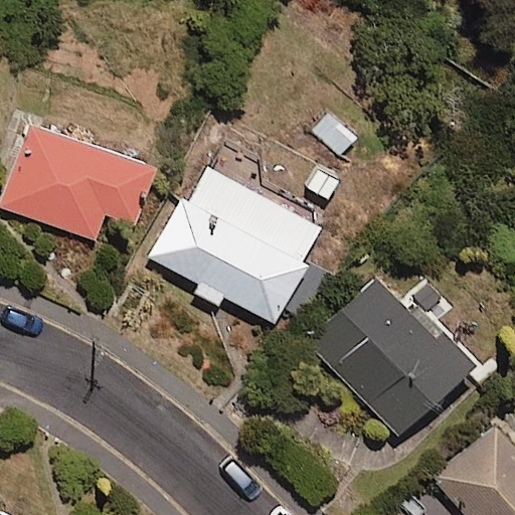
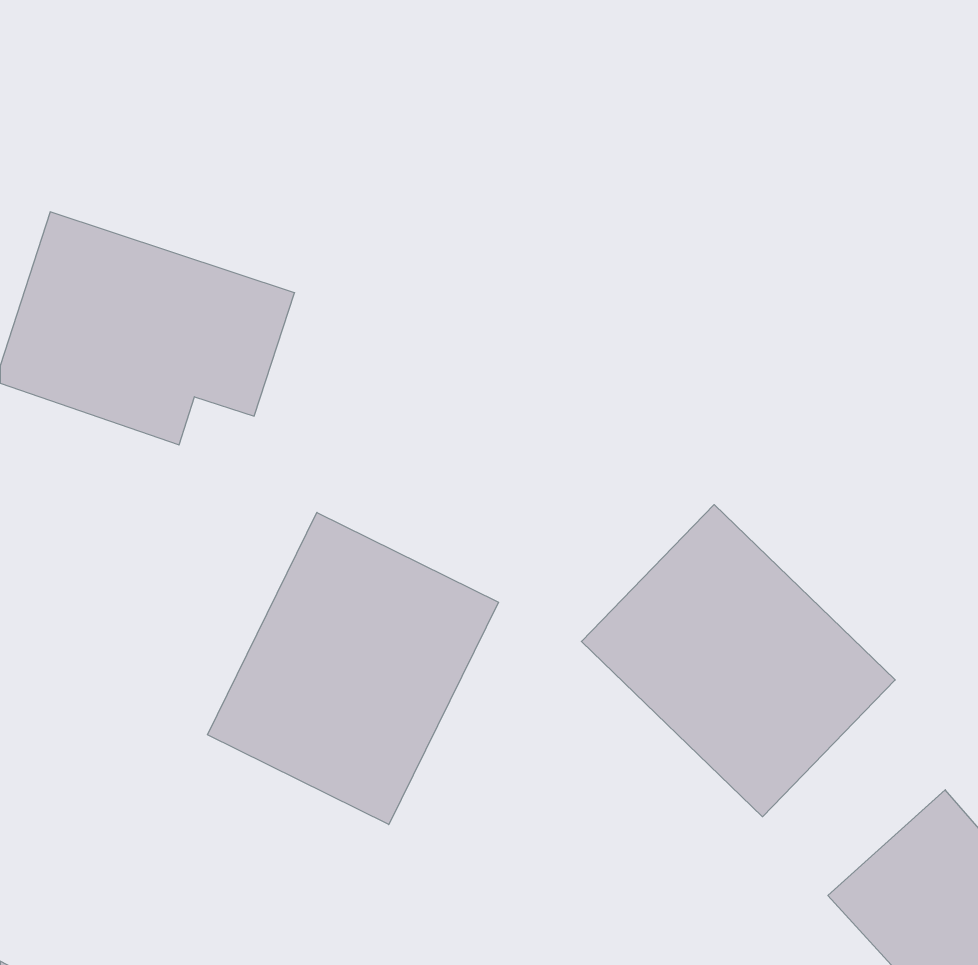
building: [150,165,323,324] -> none
building: none -> [207,512,498,825]

